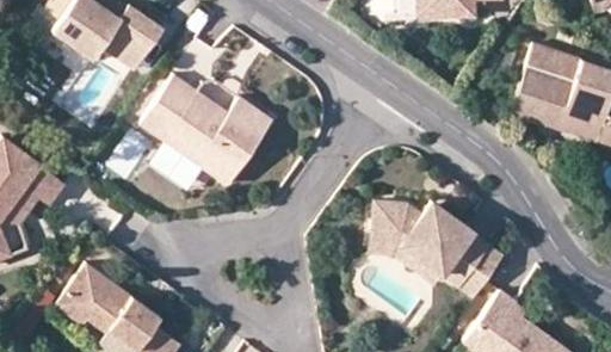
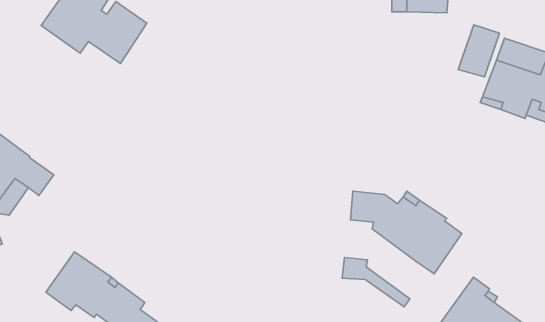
building: none -> [458,25,499,77]
building: [138,75,271,185] -> none
building: [370,231,440,283] -> [342,258,410,307]

